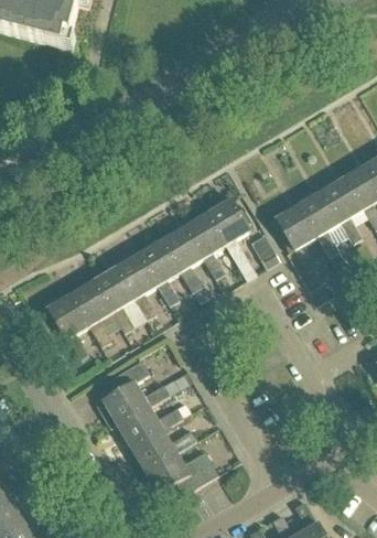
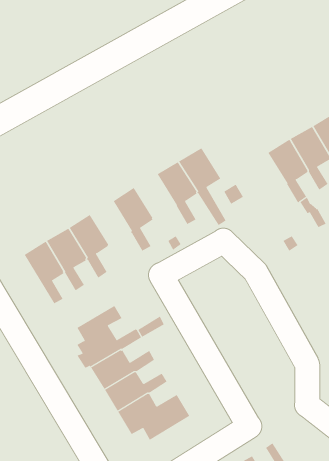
building: [273,204,317,269] -> none
building: [161,226,204,292] -> none
building: [116,254,158,319] -> none

